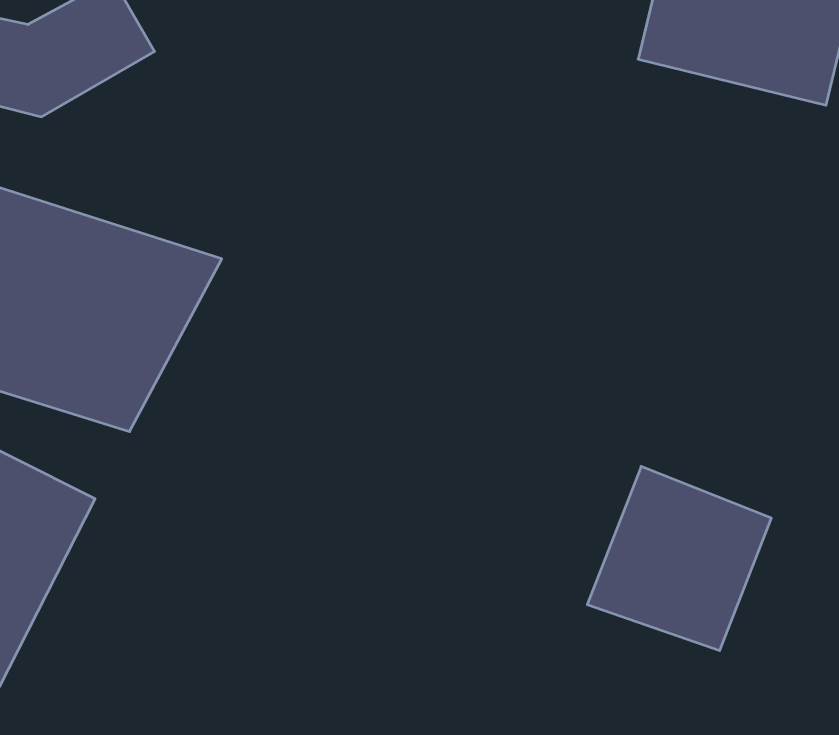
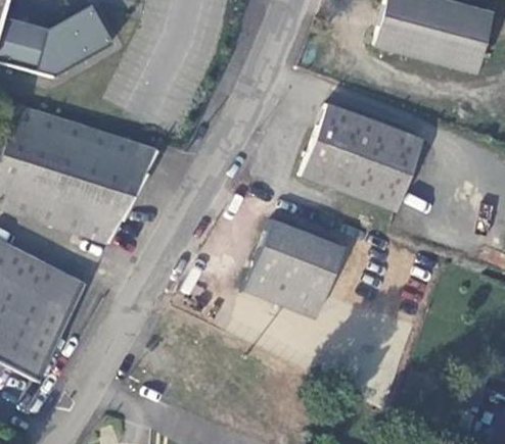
building: none -> [299,104,421,212]
building: [587,466,771,651] -> [244,220,342,318]

